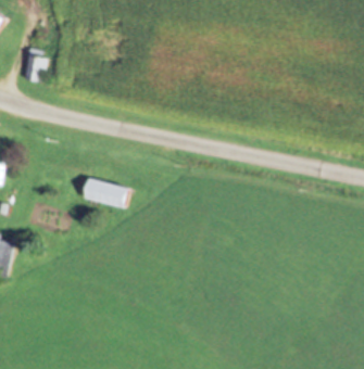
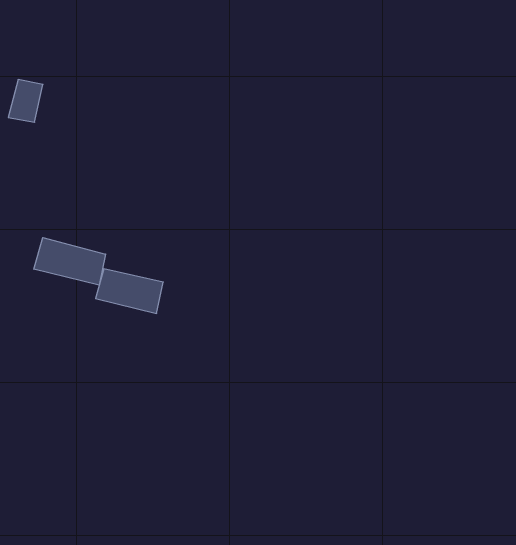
building: none -> [34,238,106,285]

